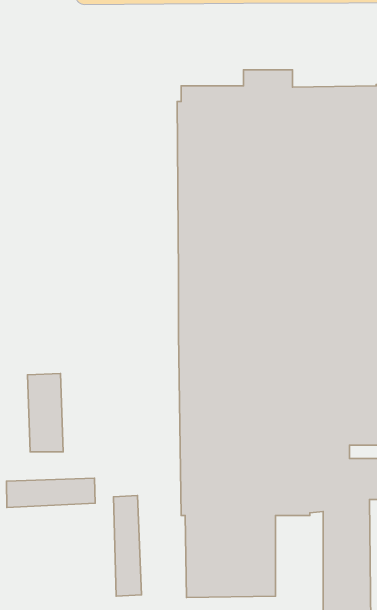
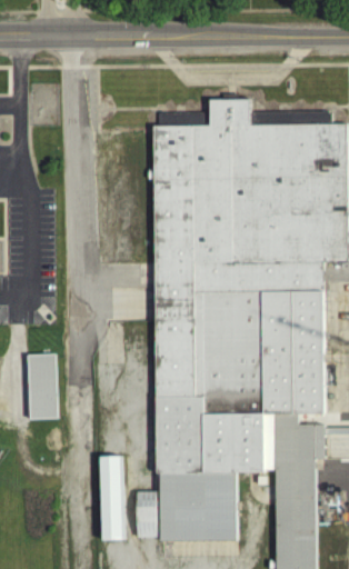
building: [6,478,95,508] -> none
building: none -> [137,492,157,539]

